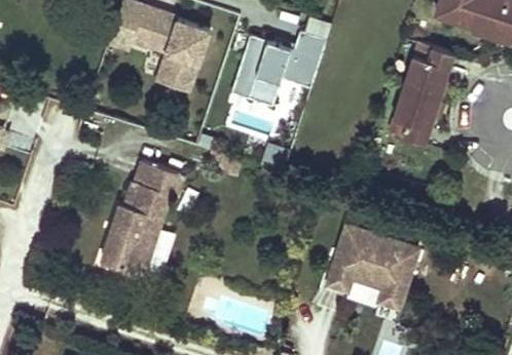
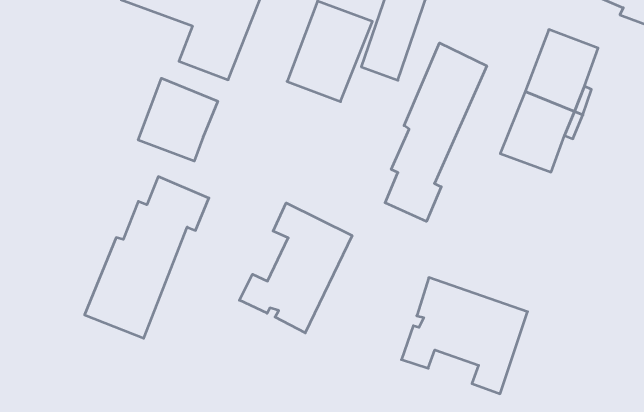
building: none -> [385,43,487,221]
building: none -> [138,78,218,161]
building: none -> [239,203,352,333]

